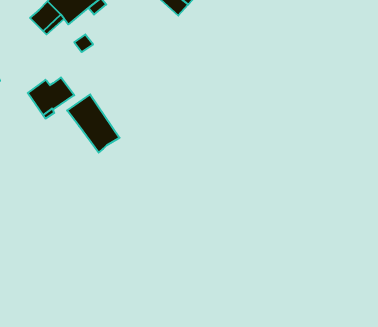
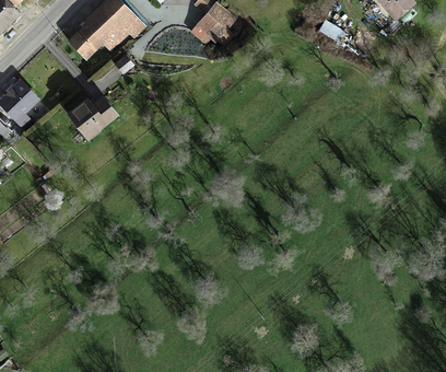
building: [67,94,120,153] -> none

